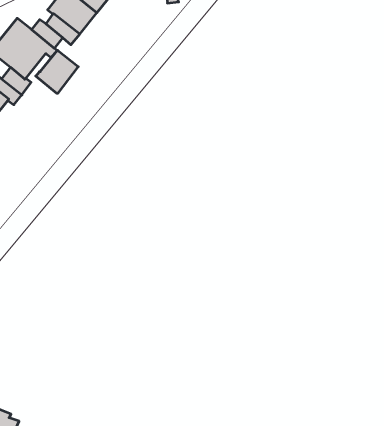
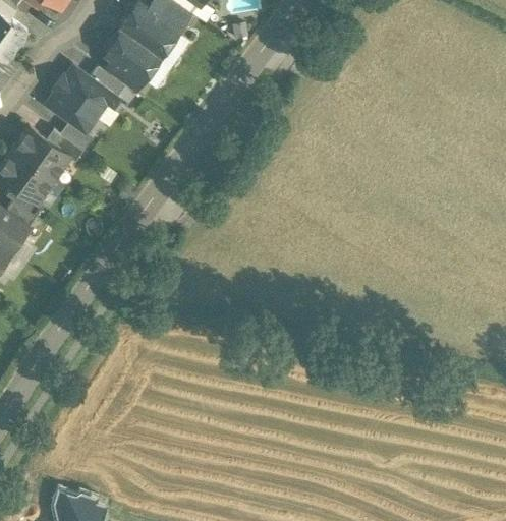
building: [36,50,78,93] -> none

